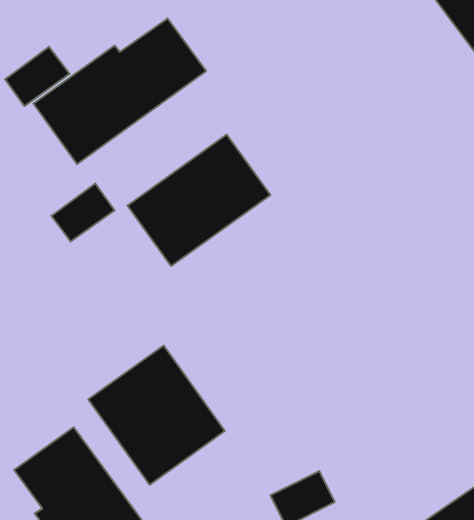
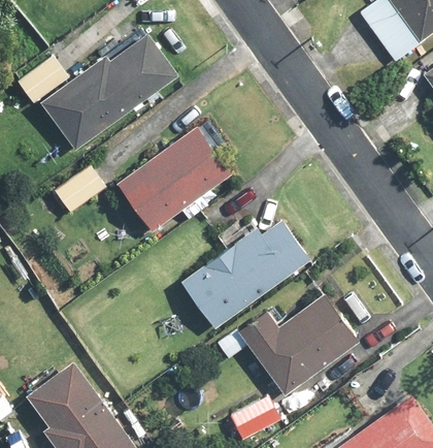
building: none -> [180,219,309,328]
building: none -> [216,293,359,394]
building: [88,346,225,485] -> none

